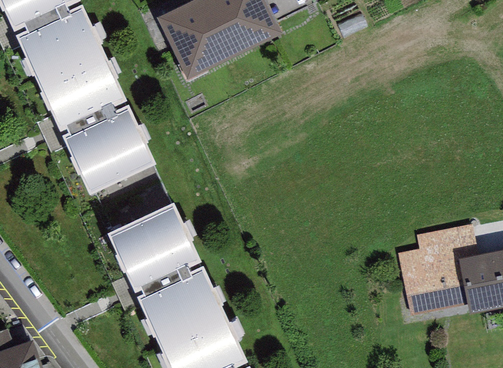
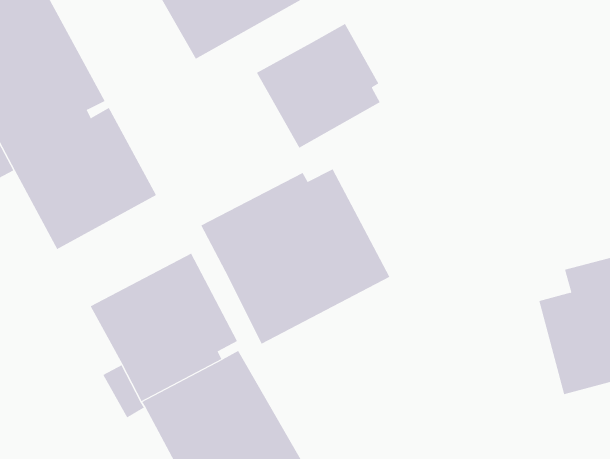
building: none -> [256,23,381,149]
building: none -> [201,168,390,345]

